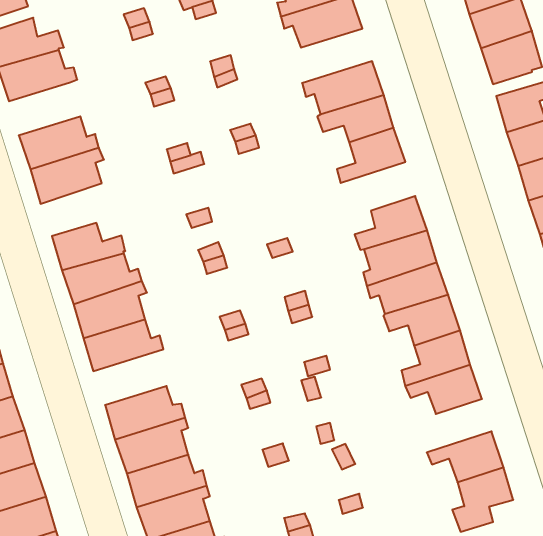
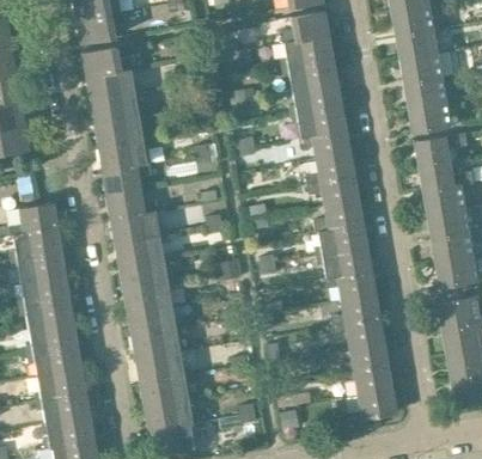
building: none -> [289,84,340,115]
building: none -> [92,93,145,124]
building: none -> [291,177,356,207]
building: none -> [104,163,152,195]
building: none -> [124,281,175,313]
building: none -> [340,343,386,374]

